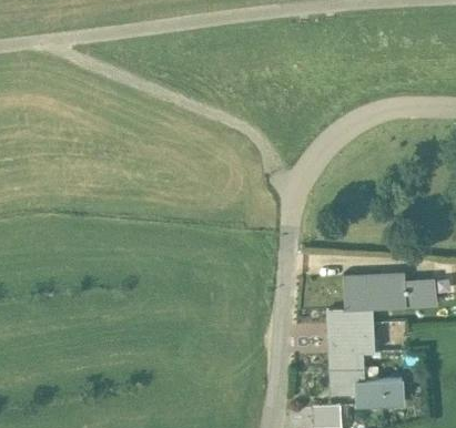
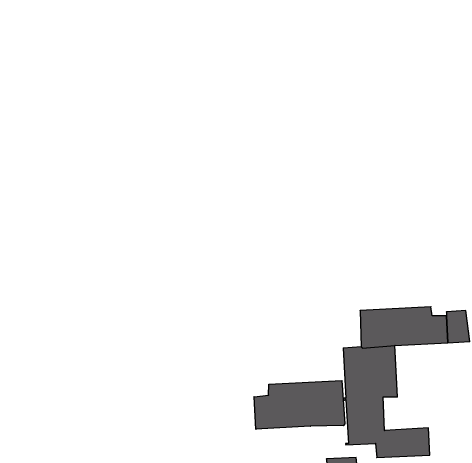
building: none -> [254,381,345,429]

